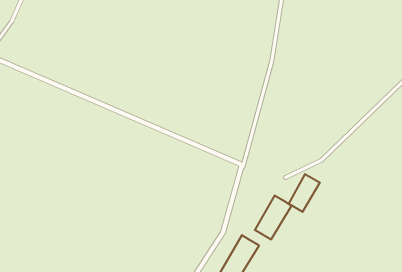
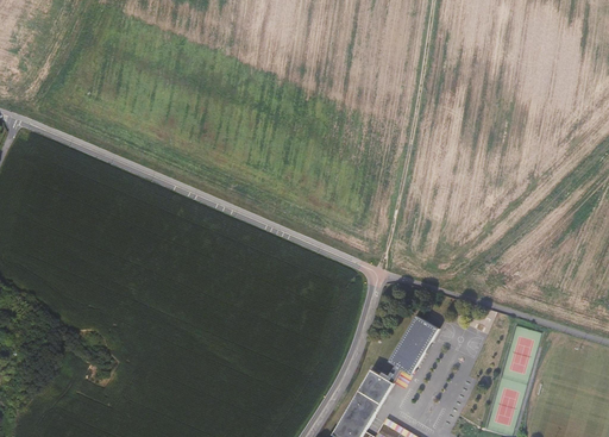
building: [289,174,320,212] -> none

